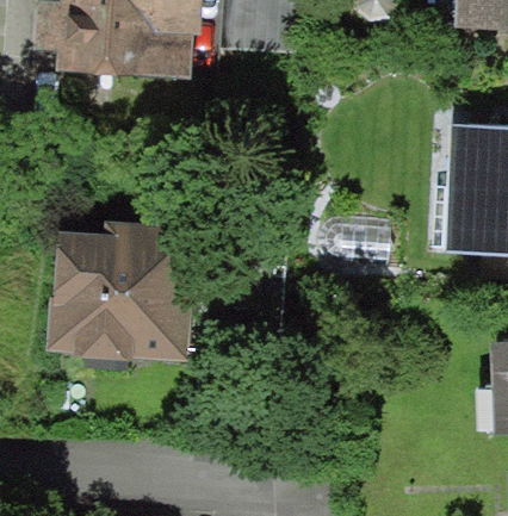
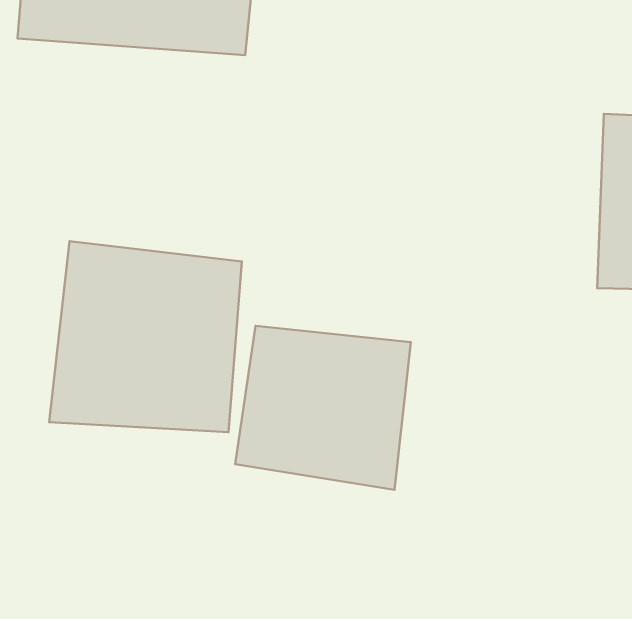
building: none -> [235,326,411,490]

